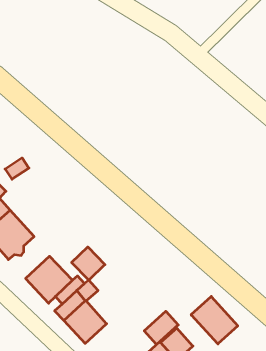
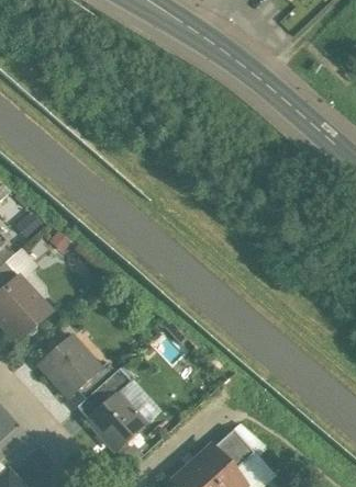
building: [72,247,105,280] -> none
building: [191,296,238,344] -> none
building: [144,311,178,344] -> none

